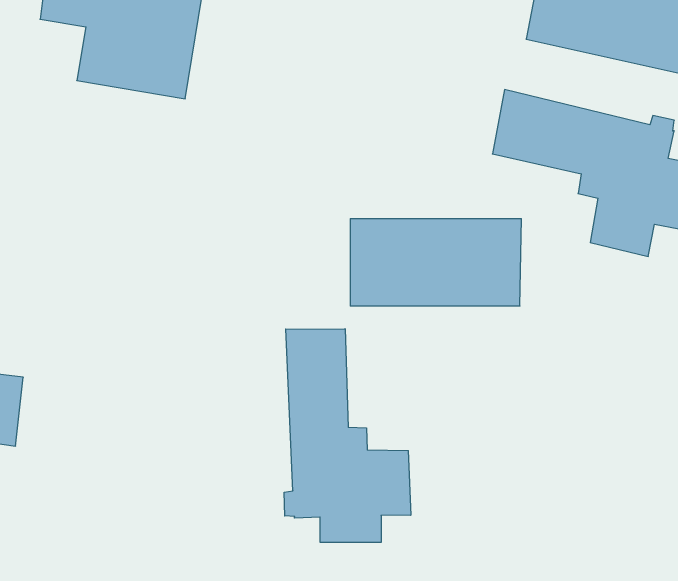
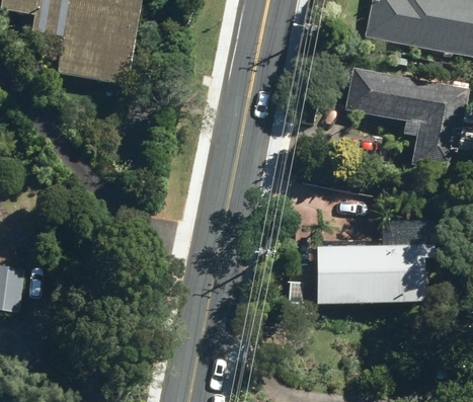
building: [350,219,521,306] -> [304,246,417,304]
building: [284,329,411,542] -> none

